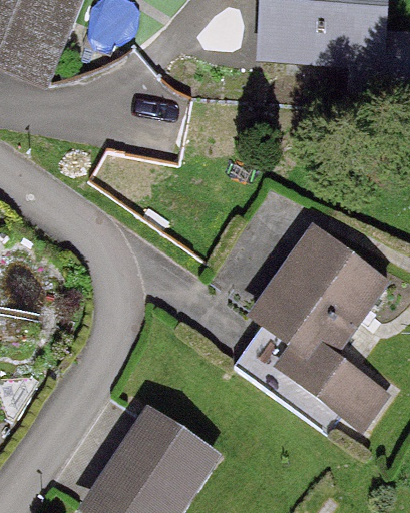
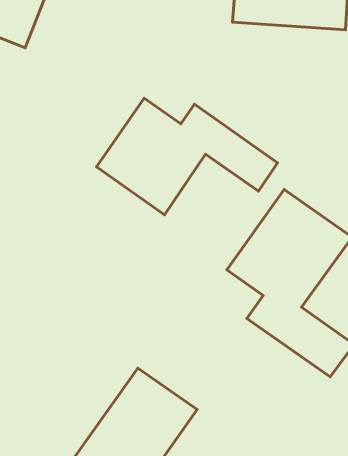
building: none -> [97,98,277,215]

